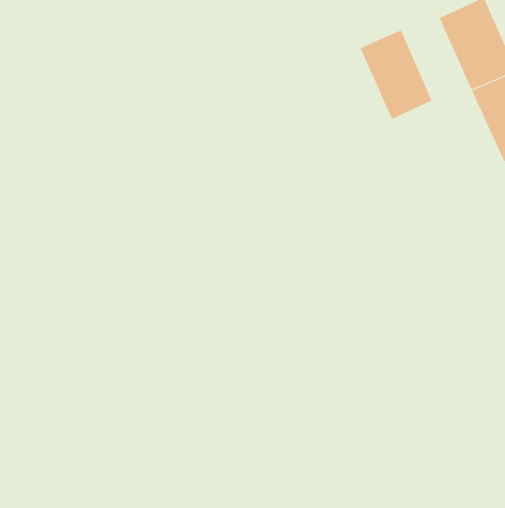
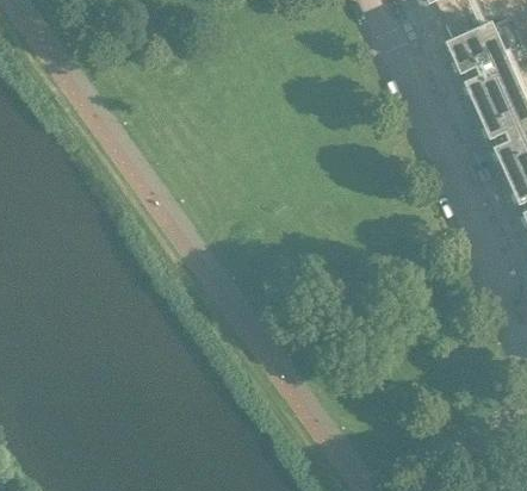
building: [360,30,432,120] -> none

